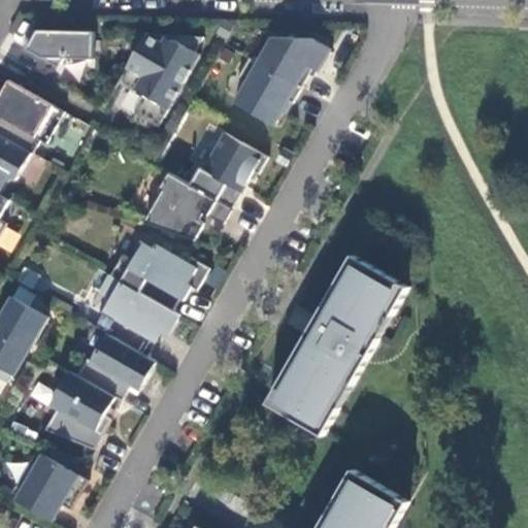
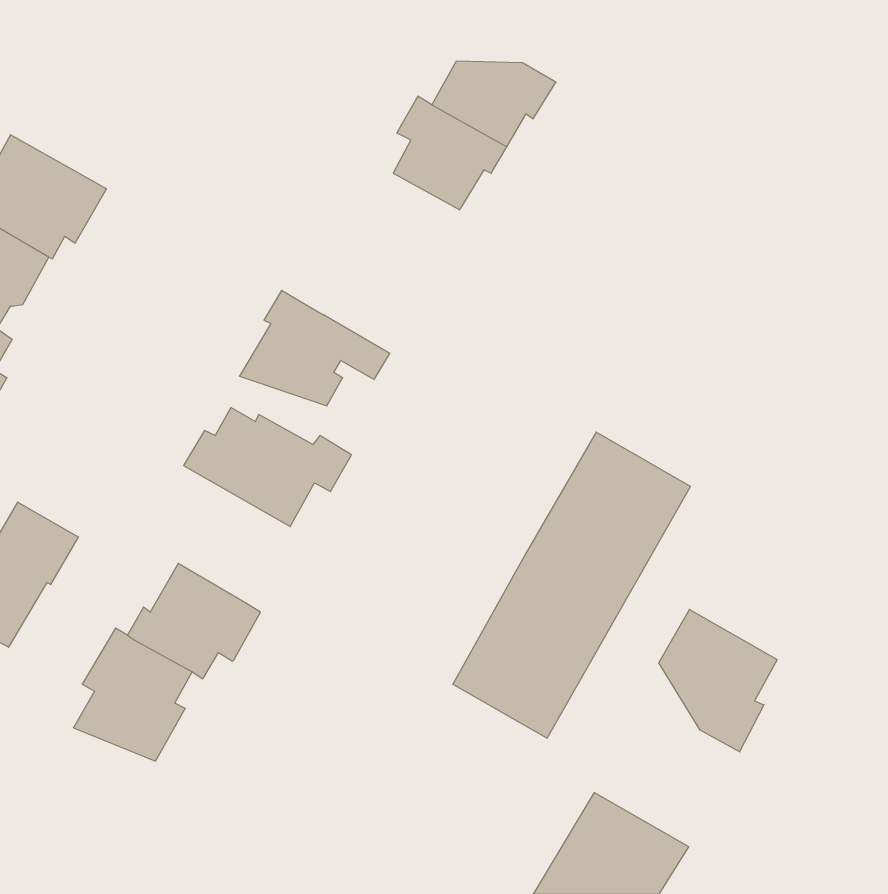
building: [20,30,92,67] -> none
building: [114,33,201,127] -> none
building: [189,132,265,208] -> none
building: [94,273,177,356] -> none
building: none -> [659,609,777,752]
building: [14,454,86,520] -> none

